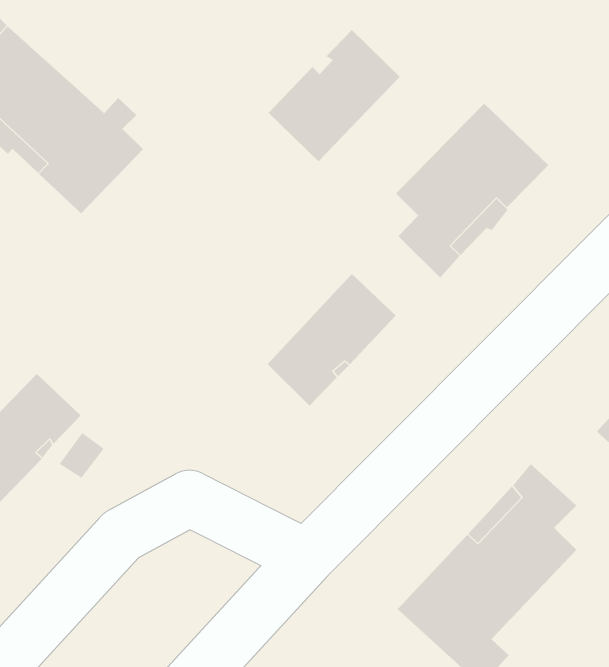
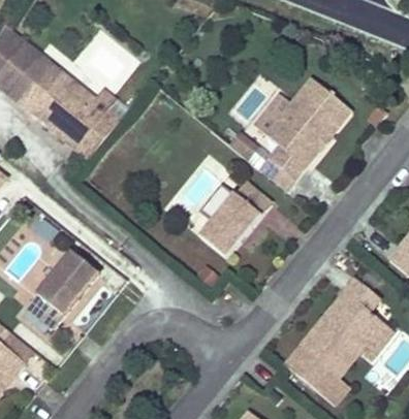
building: [268,29,400,162] -> none

